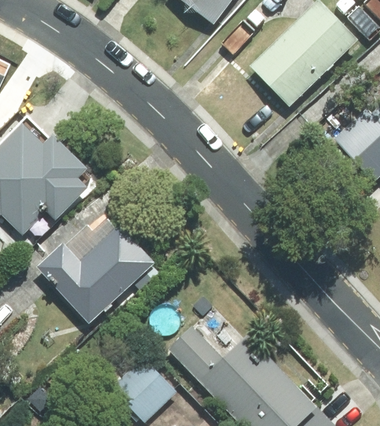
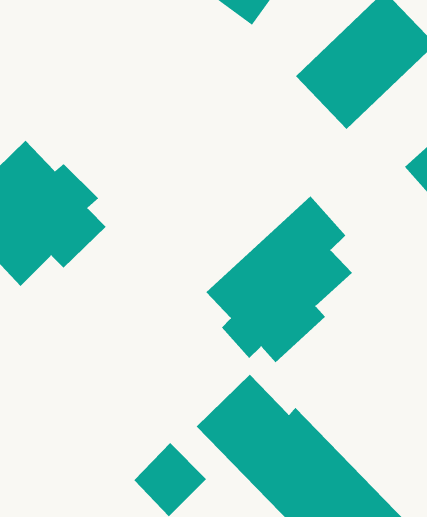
building: none -> [206,195,353,363]
building: [38,221,154,322] -> none

